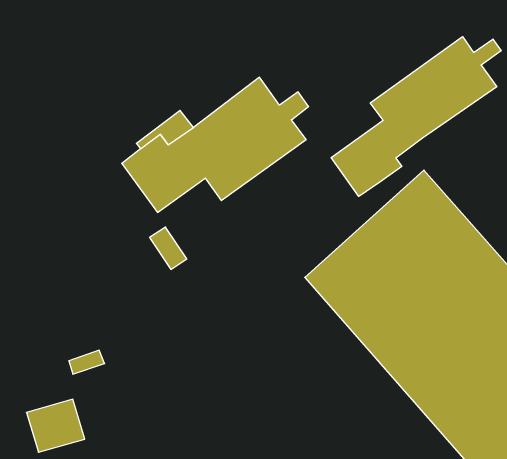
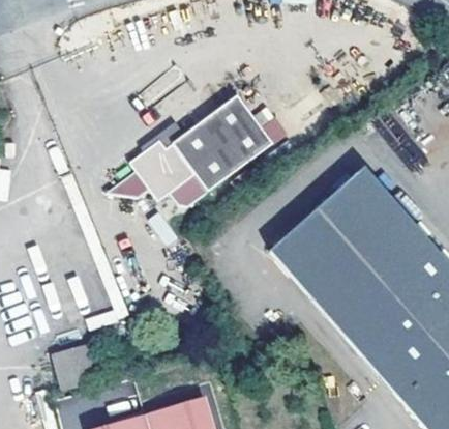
building: [331,37,501,196] -> none

